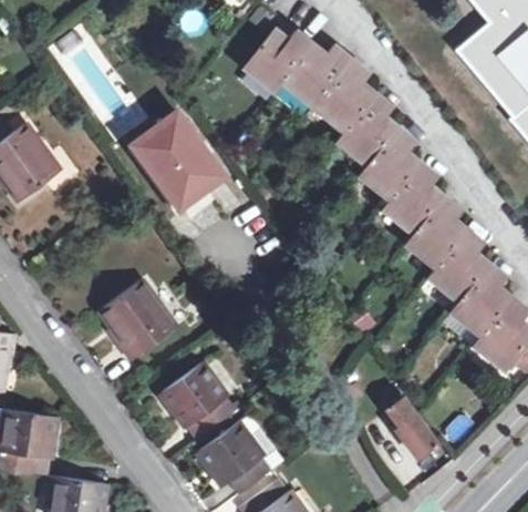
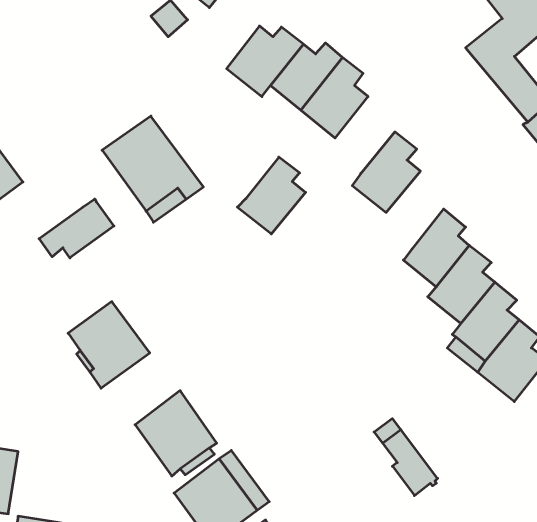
building: [337,94,398,164] -> [237,157,306,234]
building: [383,162,443,233] -> none
building: none -> [39,199,114,258]

